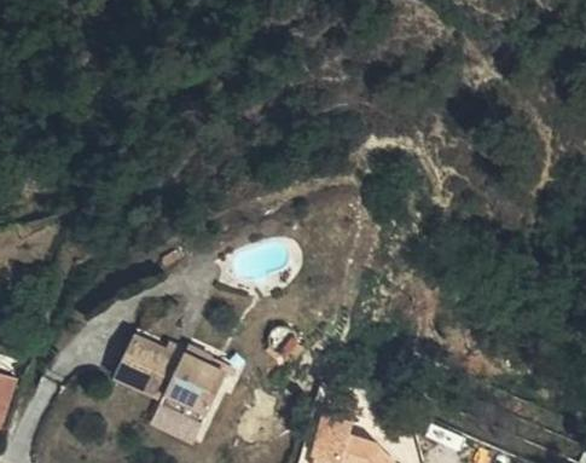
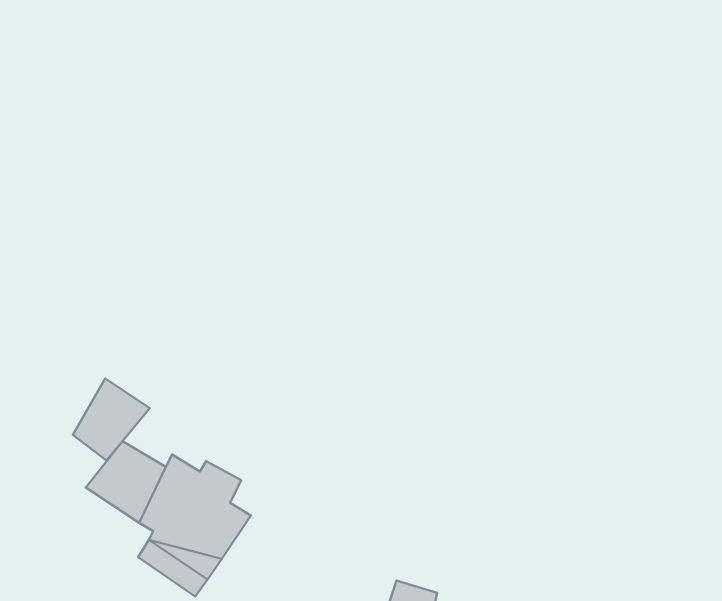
building: none -> [73,379,150,461]

